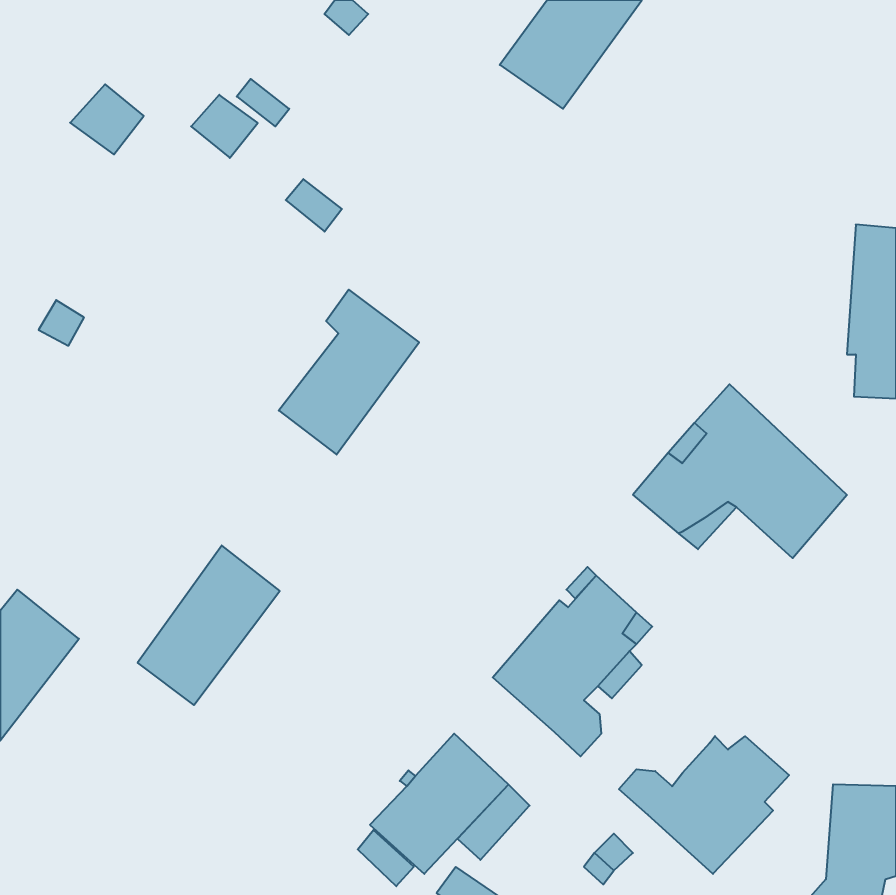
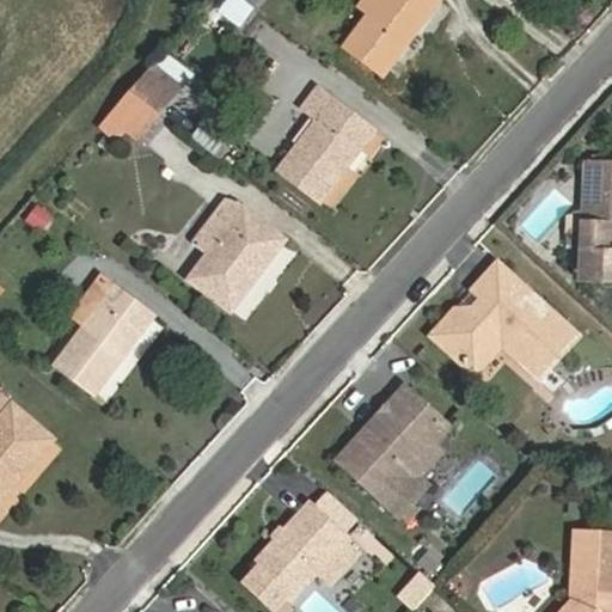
building: [70,84,144,154] -> [106,87,157,135]
building: none -> [277,90,374,203]
building: none -> [195,189,238,247]
building: [138,545,280,705] -> [55,284,152,393]
building: [619,736,789,874] -> none

